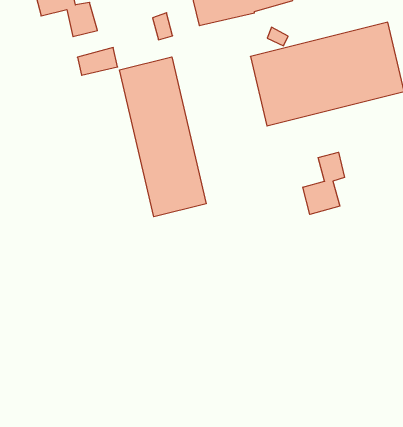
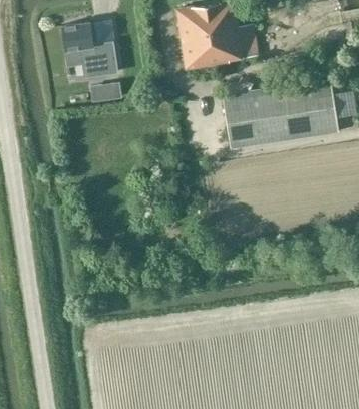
building: [120,57,206,217] -> none
building: [303,152,345,214] -> none

